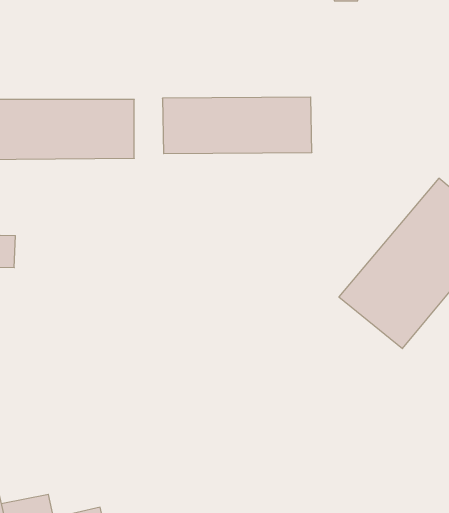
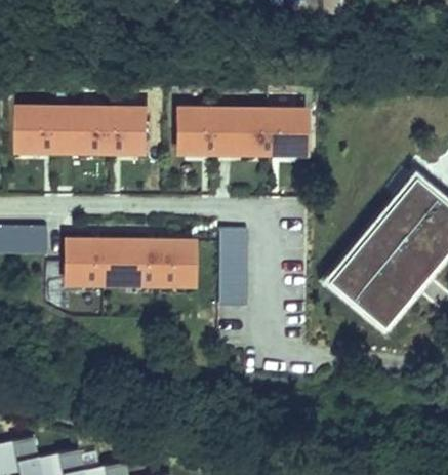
building: none -> [219,227,248,304]
building: none -> [67,241,193,288]

